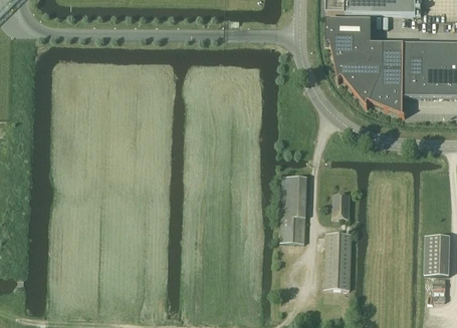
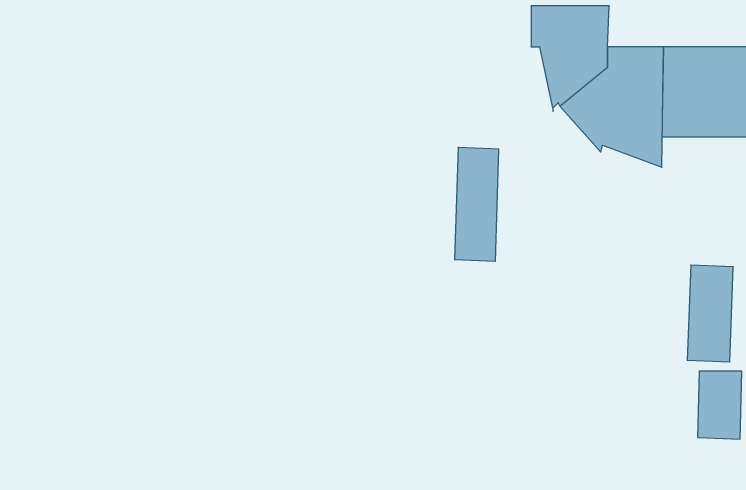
building: [280,176,306,243] -> [455,147,499,261]
building: [332,194,350,218] -> none
building: [324,232,352,289] -> [687,265,733,362]

